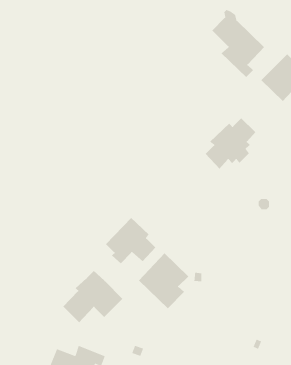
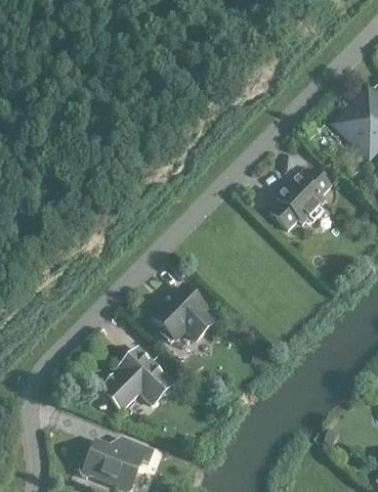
building: [212,9,265,78] -> none
building: [138,252,189,309] -> none

